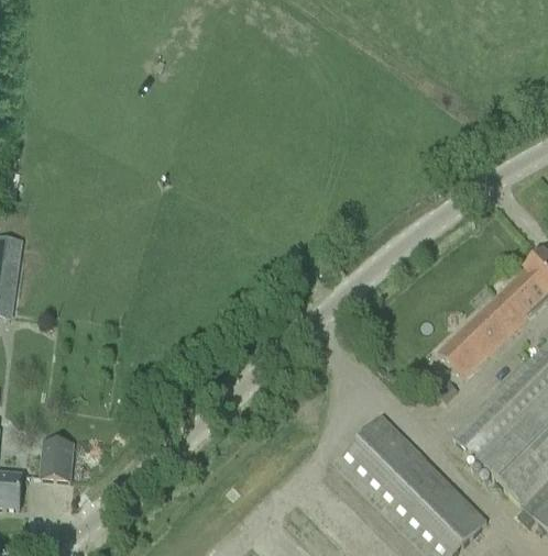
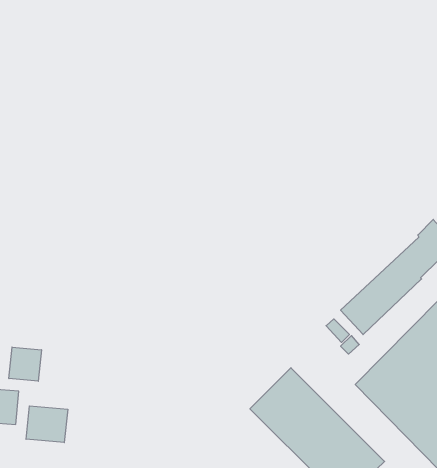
building: none -> [9,347,41,381]
building: none -> [26,406,68,443]

